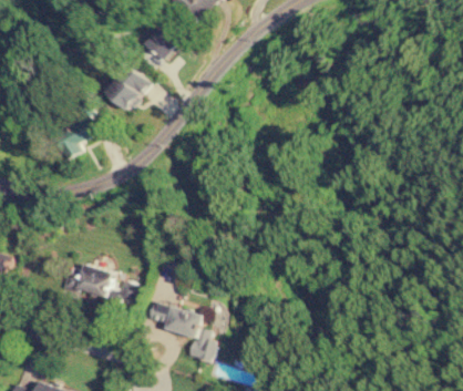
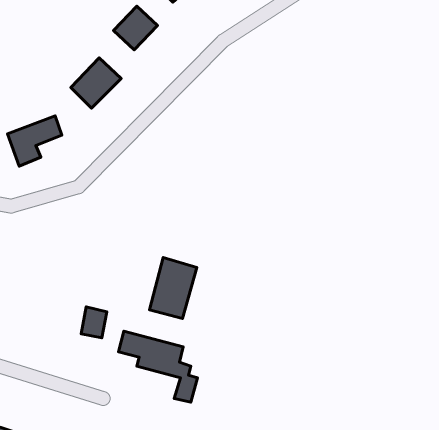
building: none -> [149,257,197,319]
building: [74,265,111,297] -> none

